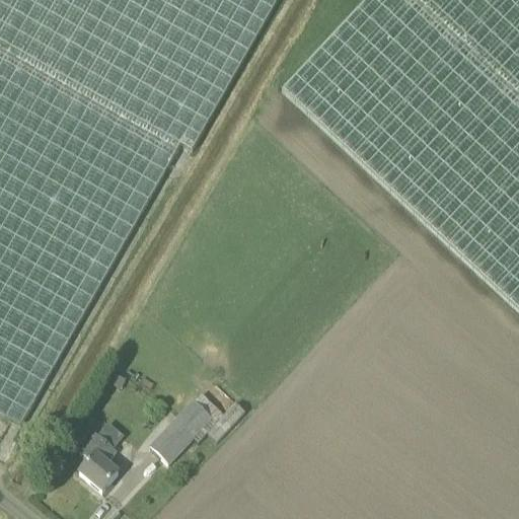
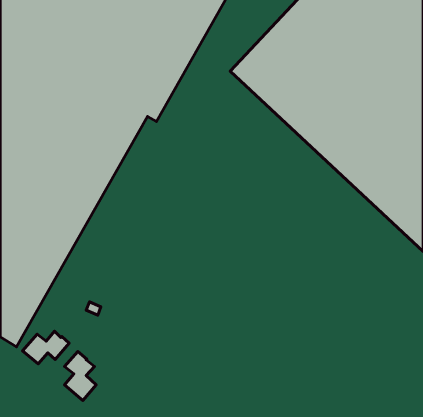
building: [149,391,244,462] -> none
building: none -> [23,331,69,364]

